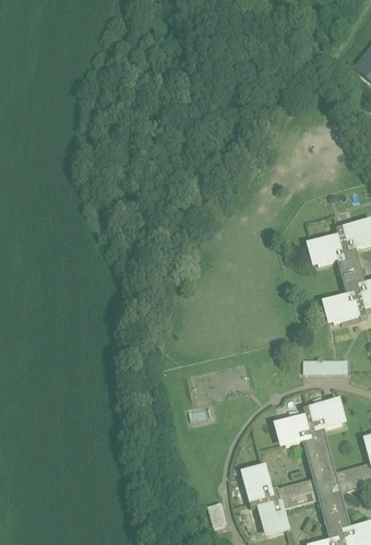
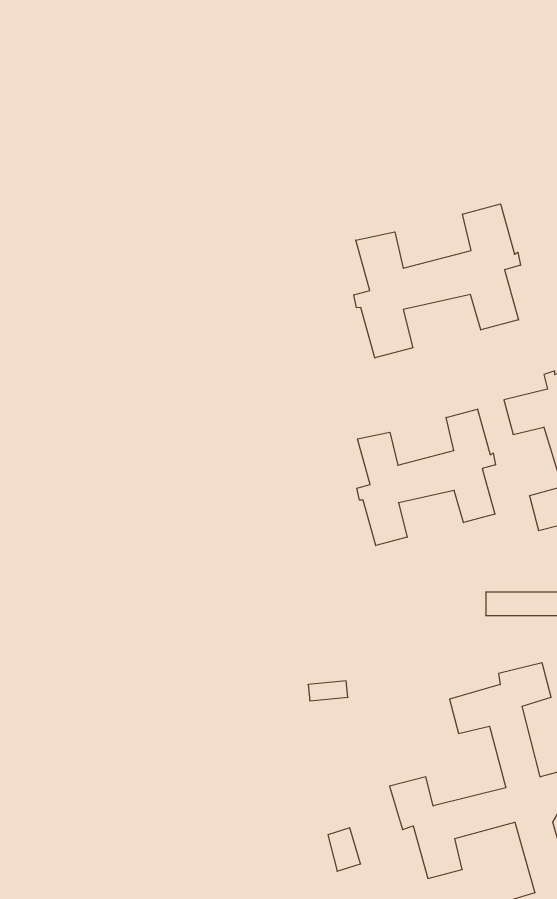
building: none -> [354,204,521,358]
building: none -> [357,409,495,546]

